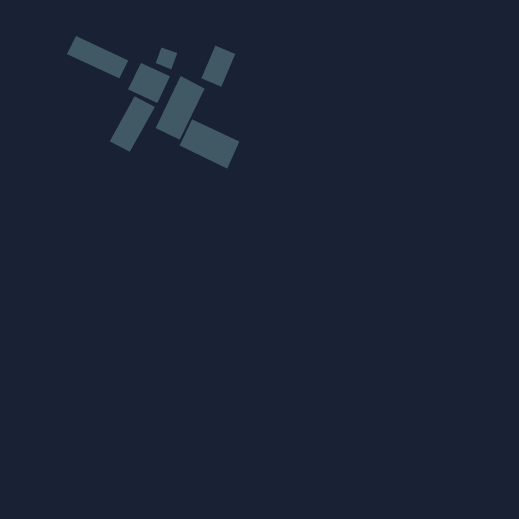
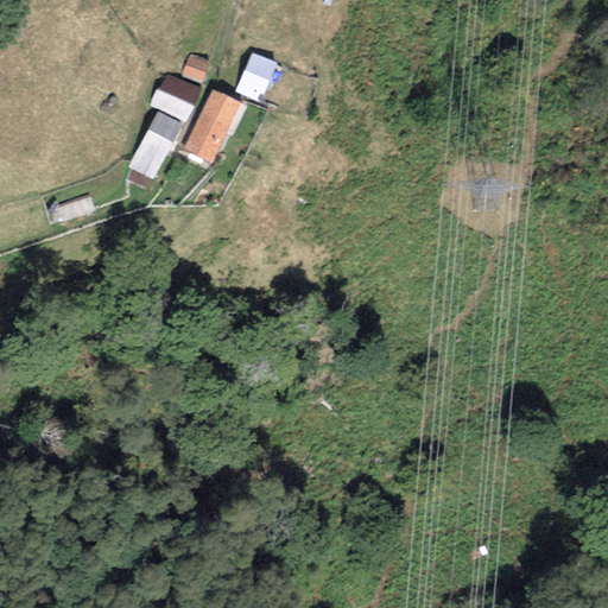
building: [66,35,129,79] -> none
building: [179,118,240,169] -> none

